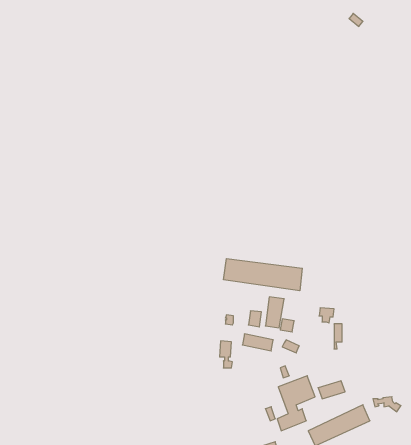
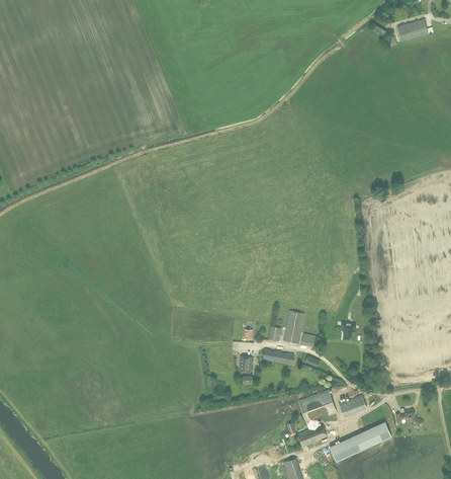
building: none -> [396,18,428,42]
building: [224,259,302,291] -> none

